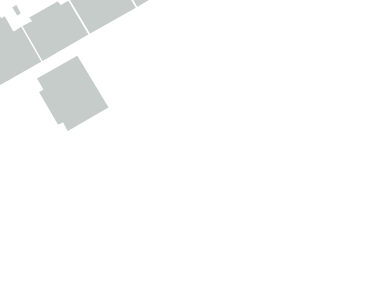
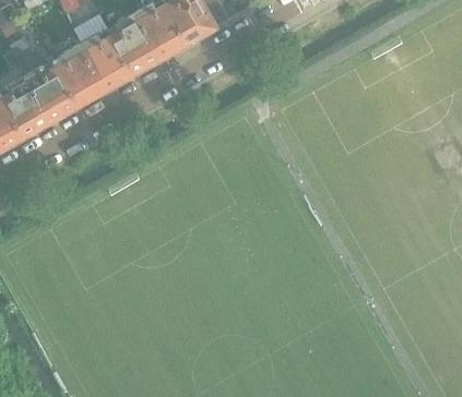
building: [36,55,109,132] -> none

